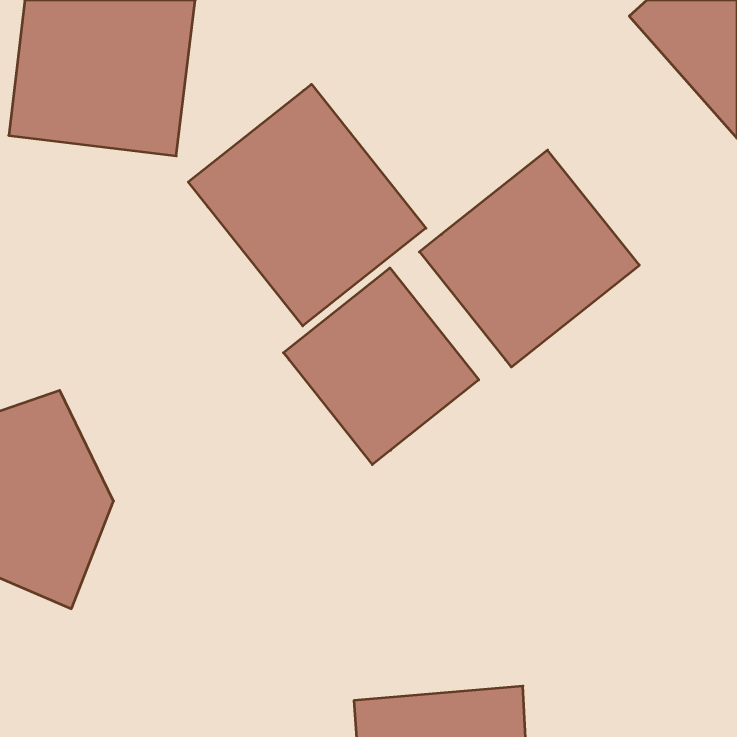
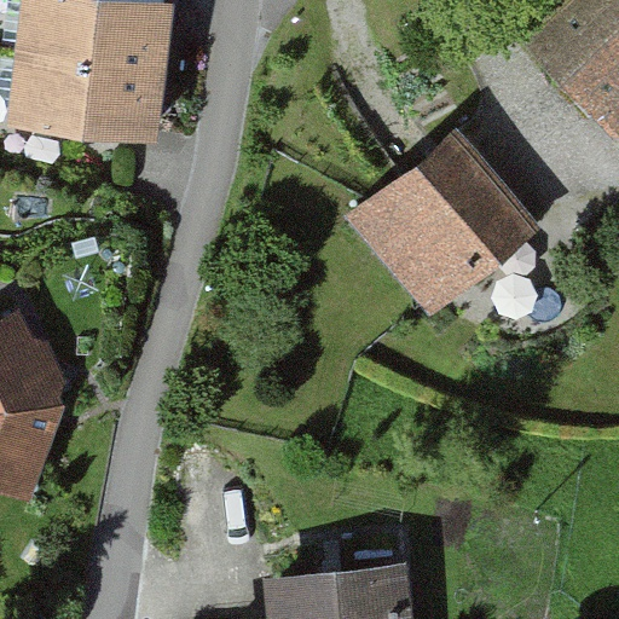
building: [188,84,426,326] -> none
building: [283,268,479,465] -> none

